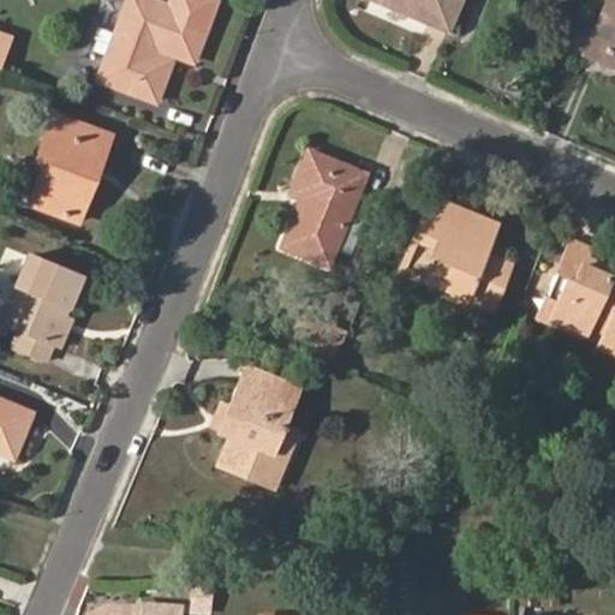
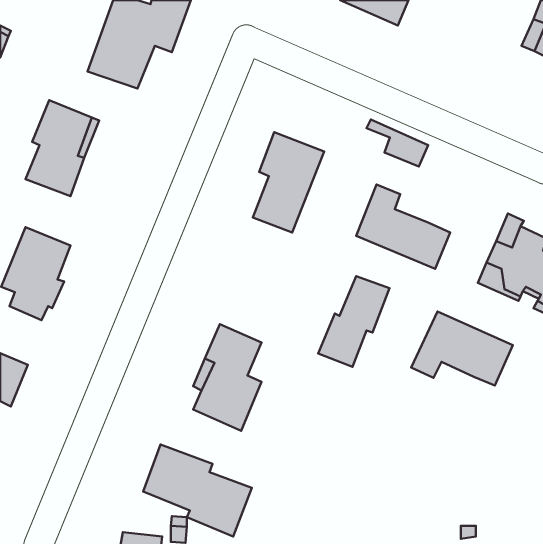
building: [426,199,496,252] -> [366,119,428,166]
building: none -> [318,276,390,367]
building: none -> [411,312,513,385]
building: none -> [143,445,252,536]

